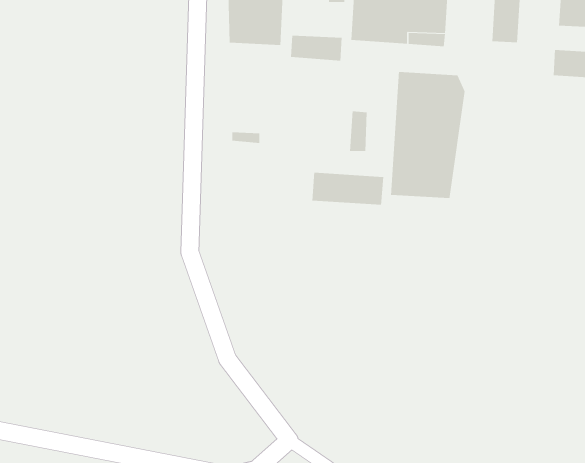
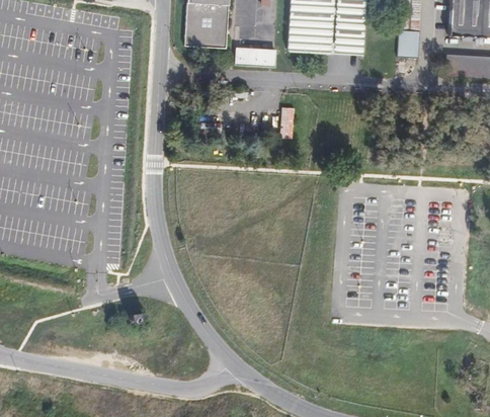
building: [391,71,465,199] -> none
building: [312,172,384,206] -> none

